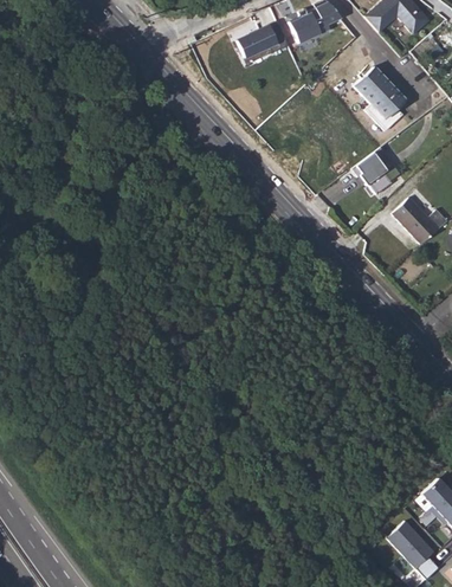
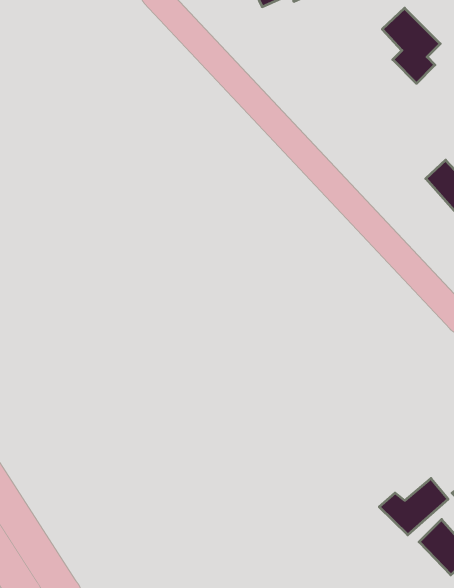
building: [353,153,388,187] -> none
building: none -> [379,478,448,535]

